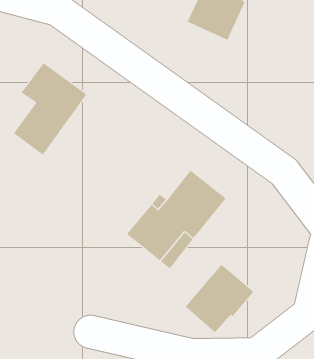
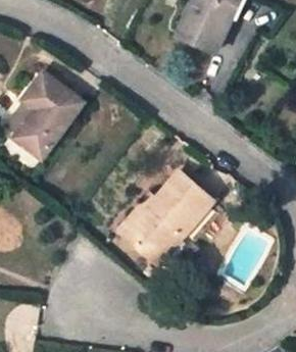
building: [185,264,254,333] -> none

